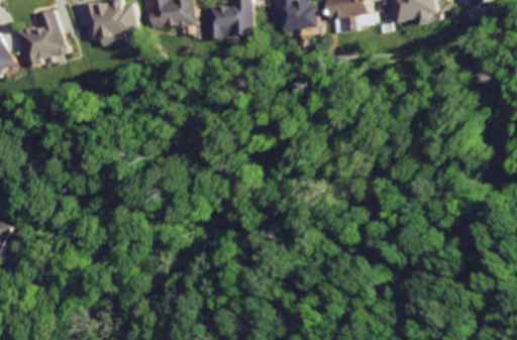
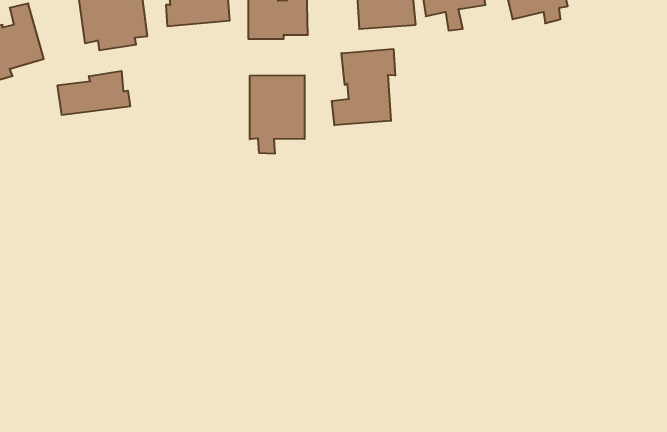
building: none -> [332,49,395,125]
building: none -> [58,71,130,115]
building: none -> [250,75,305,154]

